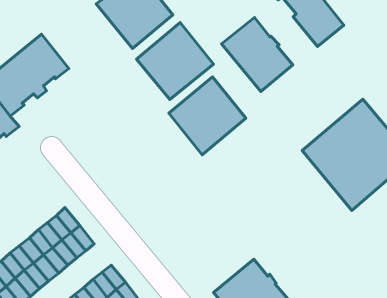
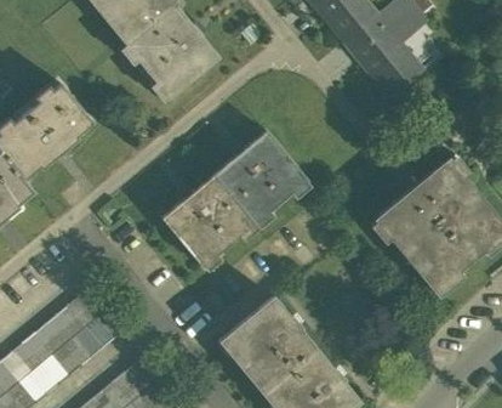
building: [222,17,293,92] -> none
building: [137,23,213,100] -> [160,176,252,268]
building: none -> [222,299,314,391]

